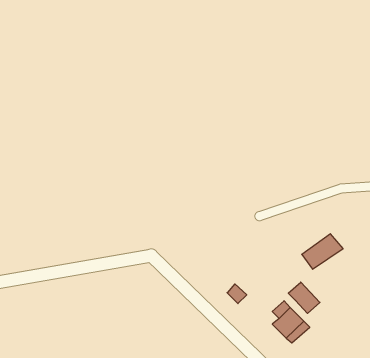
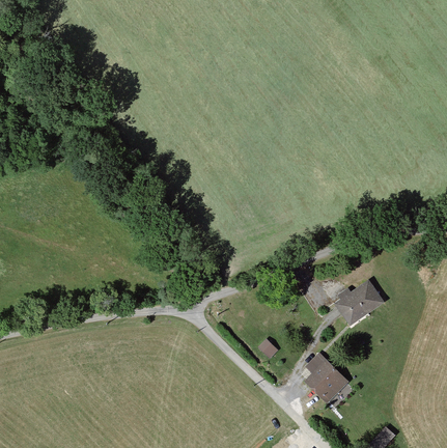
building: [288,282,320,313] -> none

